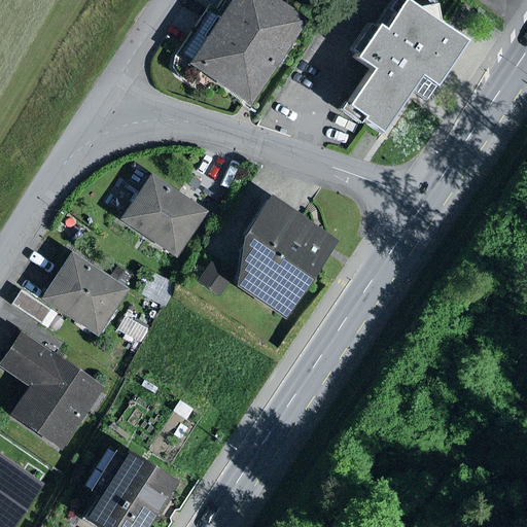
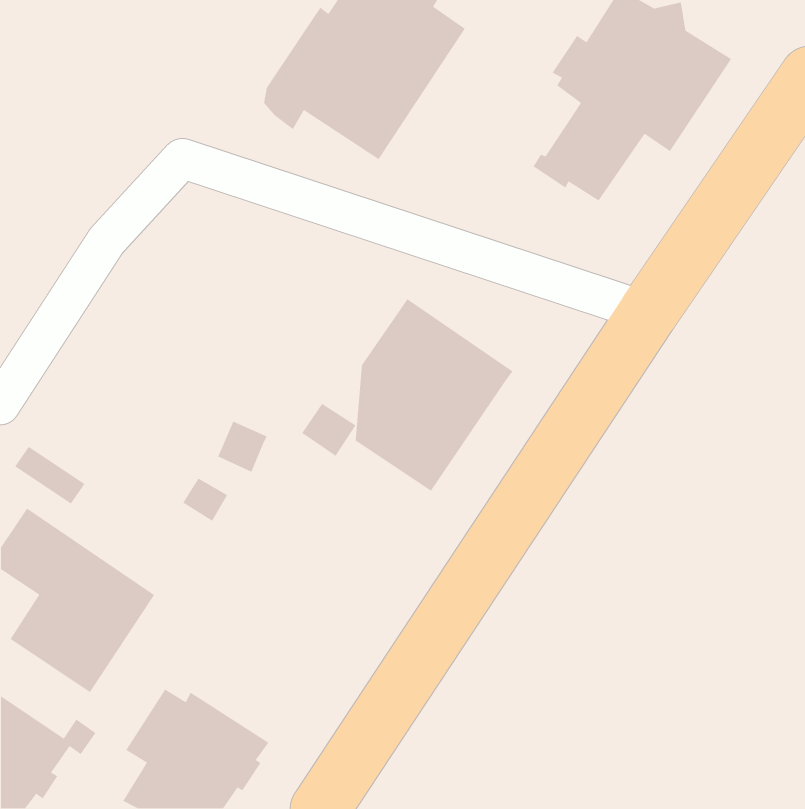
building: [118,173,209,259] -> none
building: [39,250,134,338] -> none

